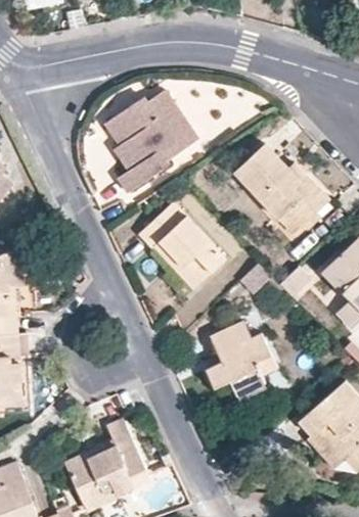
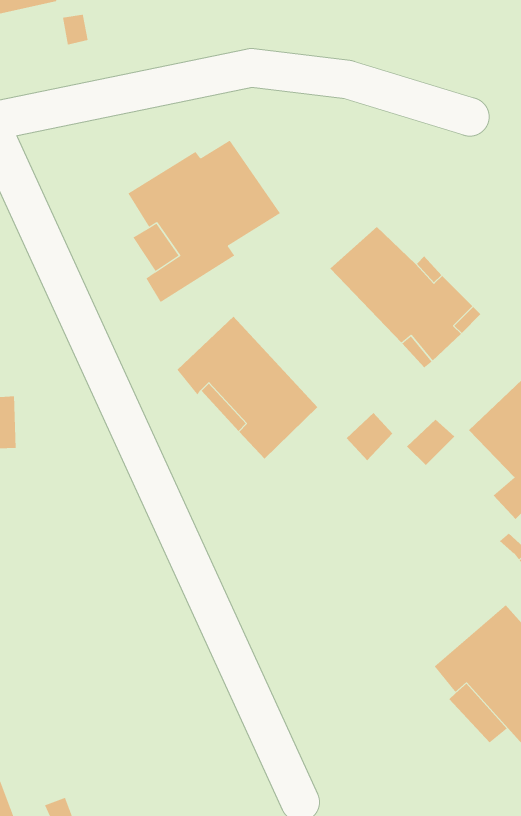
building: [206,321,278,396] -> none
building: [64,418,149,509] -> none

